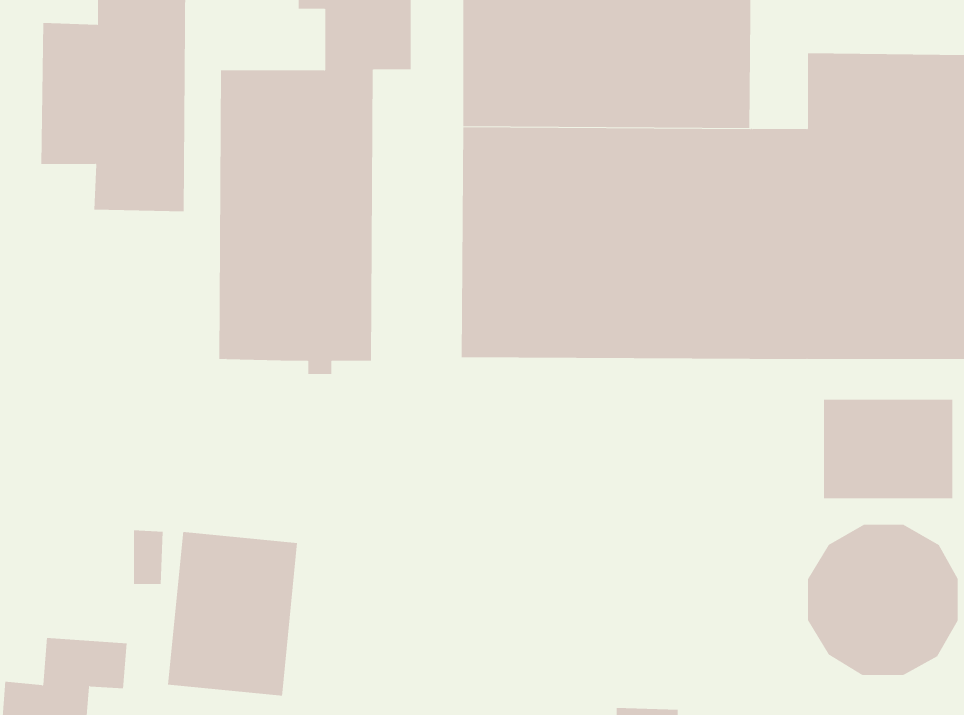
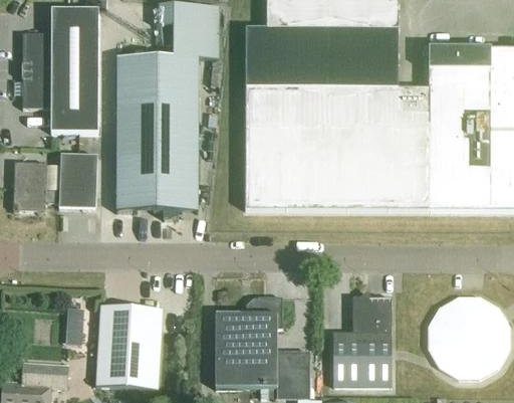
building: none -> [13,155,97,211]
building: [824,399,953,499] -> none
building: none -> [334,293,393,383]
building: none -> [215,297,310,394]

